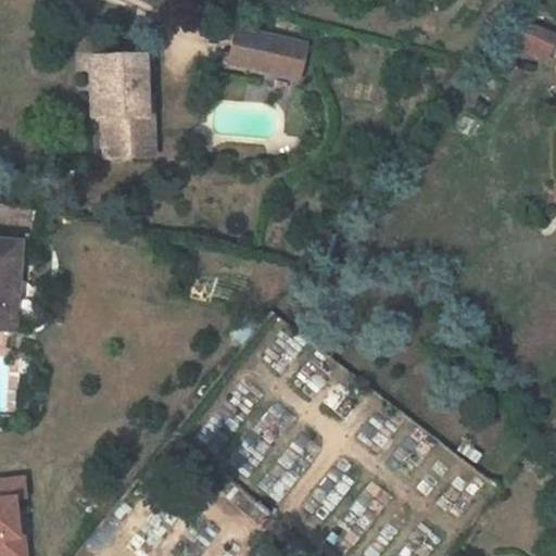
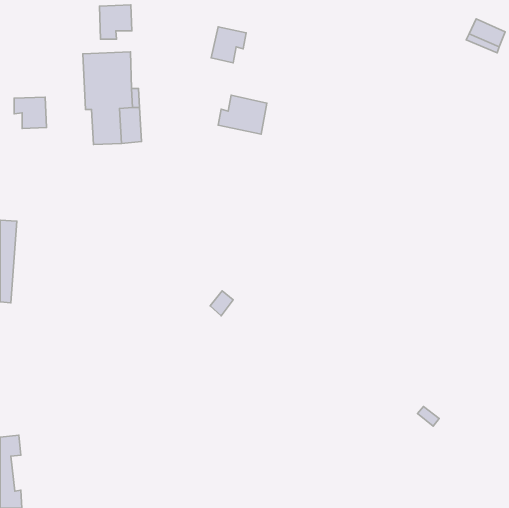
building: none -> [100,5,132,39]
building: [254,36,307,78] -> [218,95,267,134]
building: none -> [14,97,46,129]

